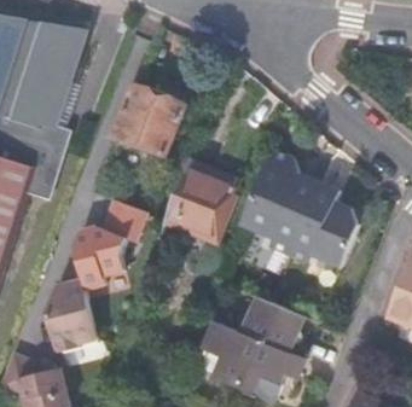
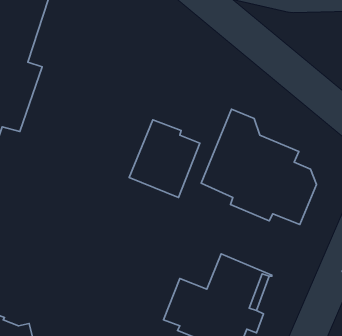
building: [114,85,185,153] -> none
building: [47,200,149,354] -> none

